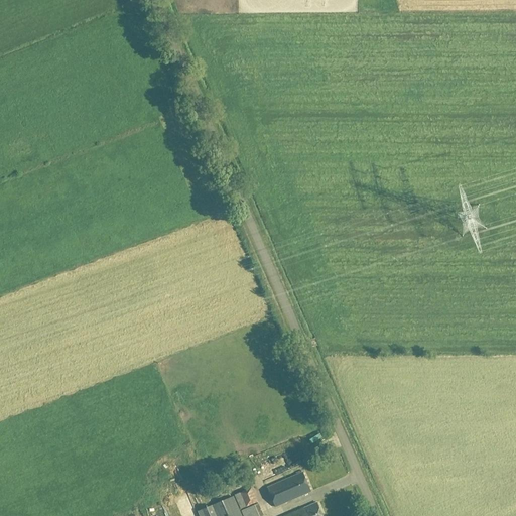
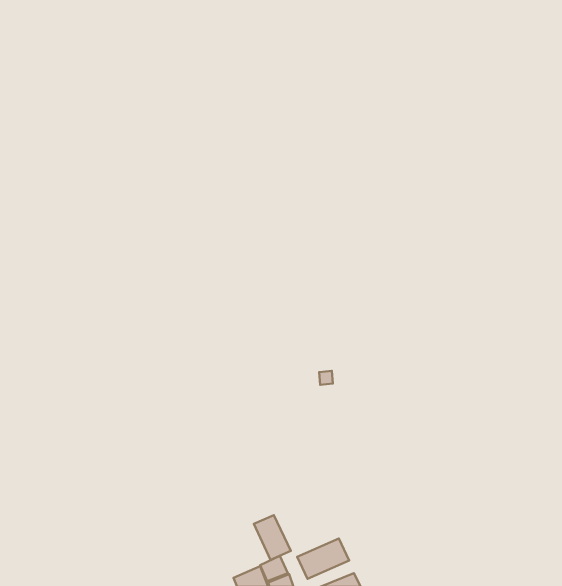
building: none -> [254,515,291,560]

